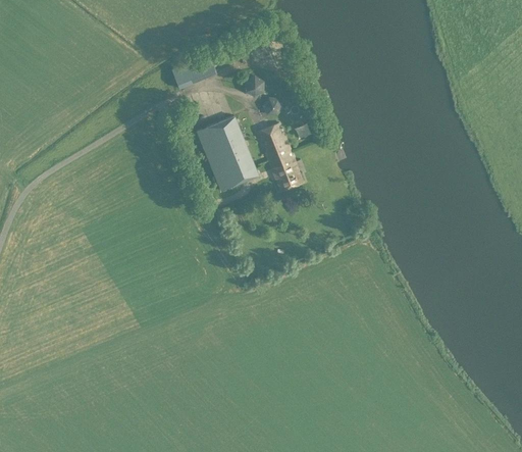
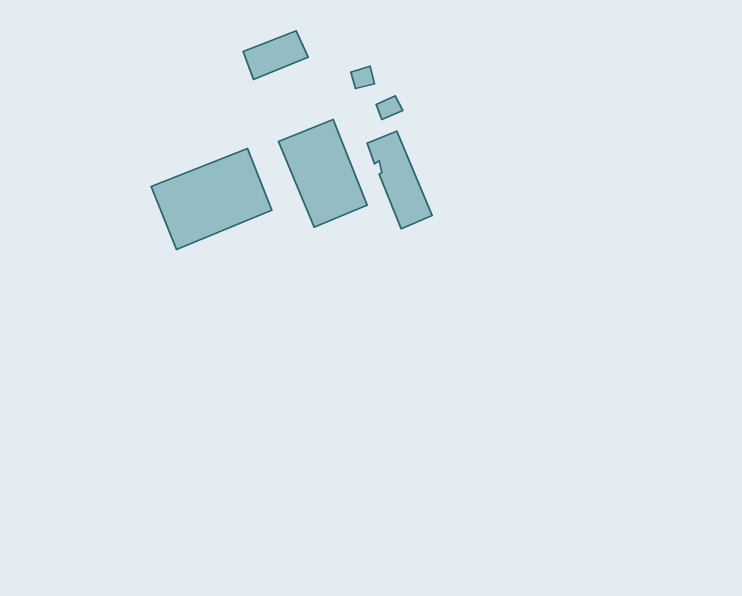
building: none -> [151,148,272,250]

